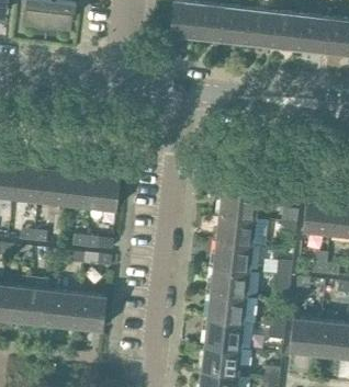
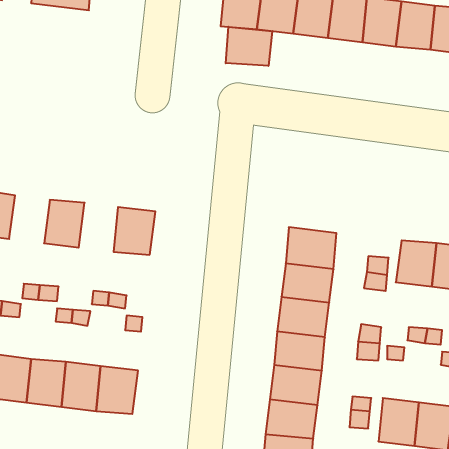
building: none -> [226,27,272,66]
building: [10,166,41,202] -> none
building: [63,171,92,208] -> none

